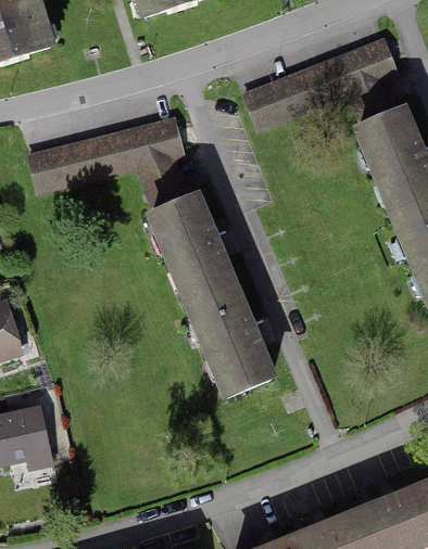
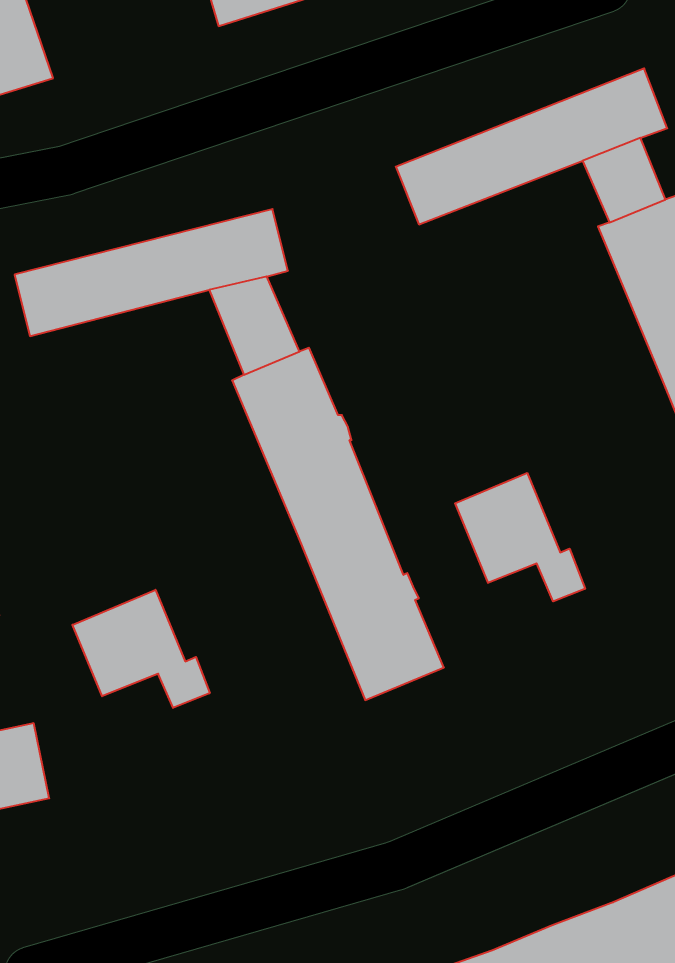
building: none -> [455,473,585,601]
building: none -> [72,590,210,708]

